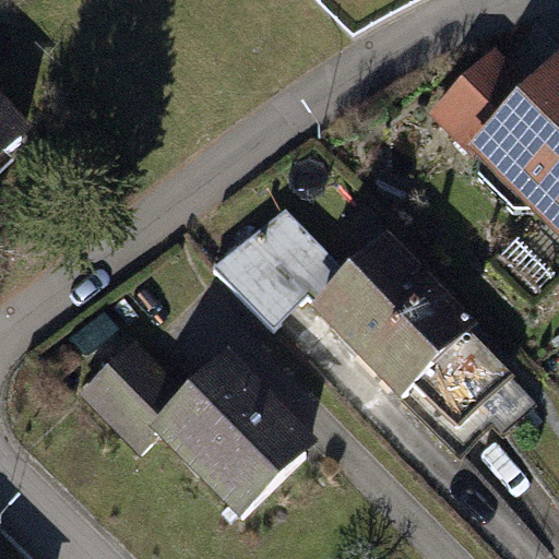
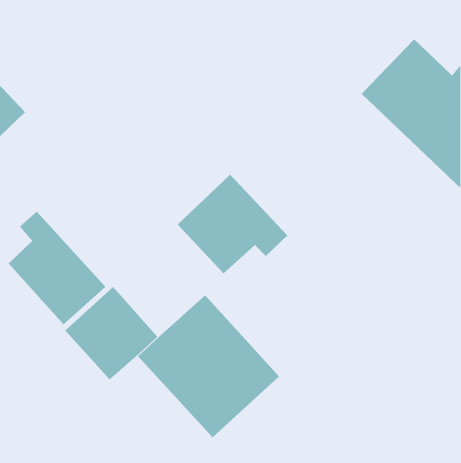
building: [316,243,513,445] -> none
building: none -> [8,211,106,325]

